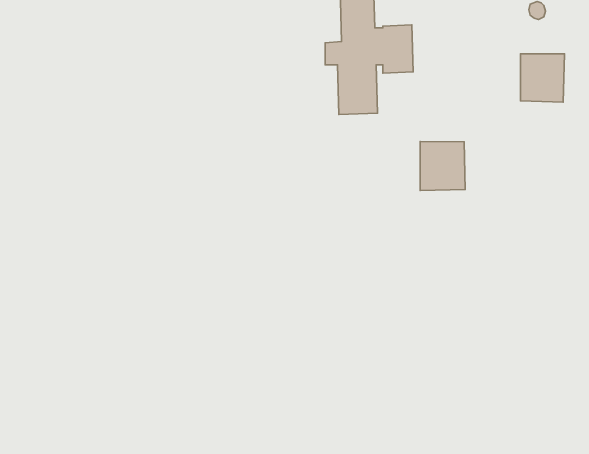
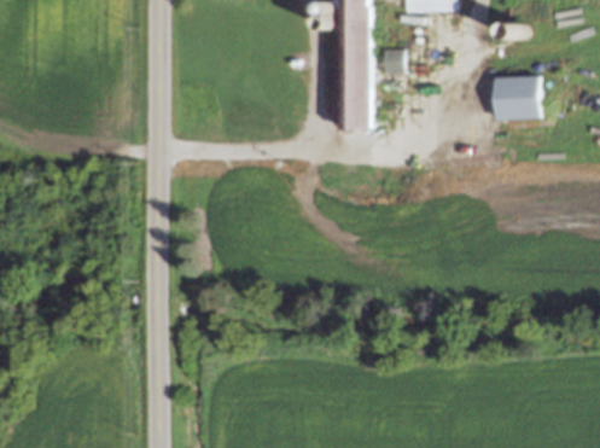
building: [420,141,465,190] -> none

